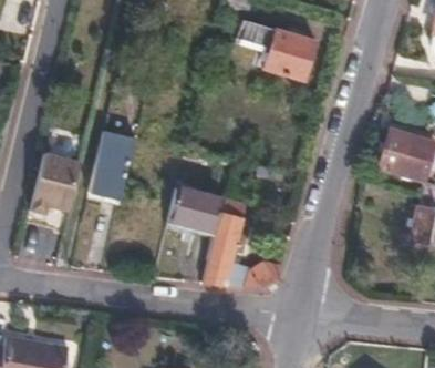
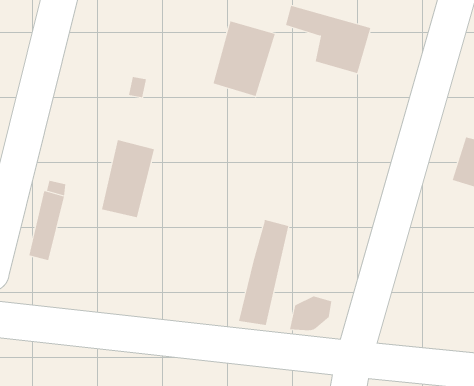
building: none -> [213,21,275,97]
building: [170,190,225,233] -> none

